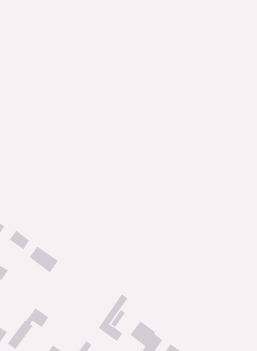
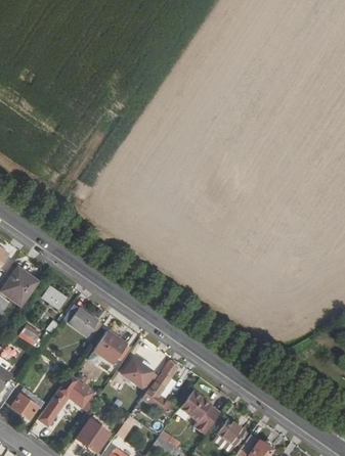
building: none -> [93,329,126,361]
building: none -> [120,357,156,390]

